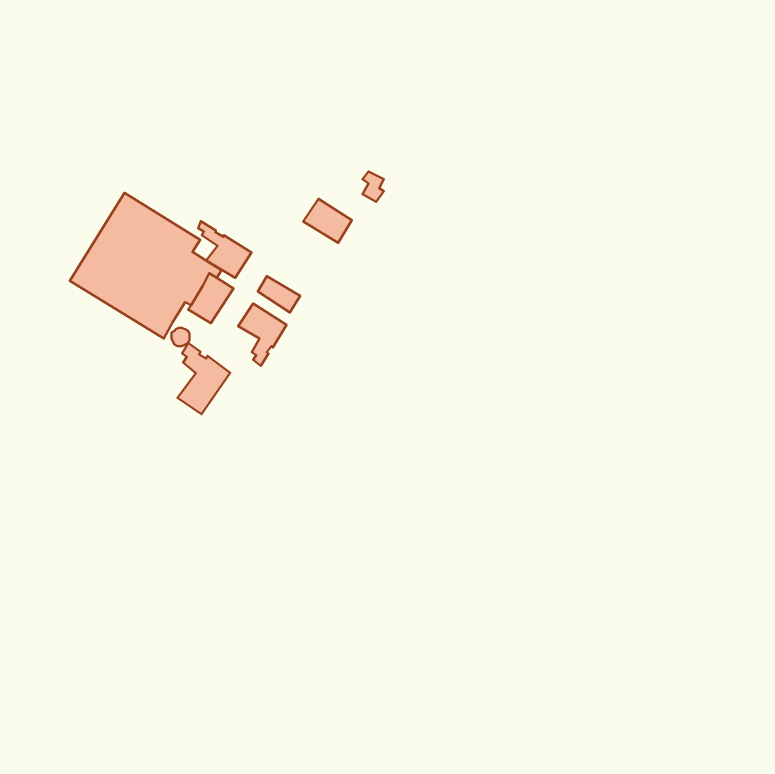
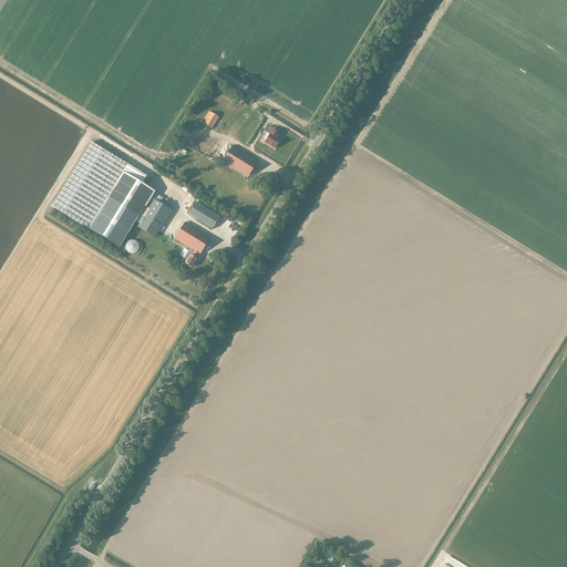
building: [198,221,251,278] -> none
building: [177,343,230,414] -> none

